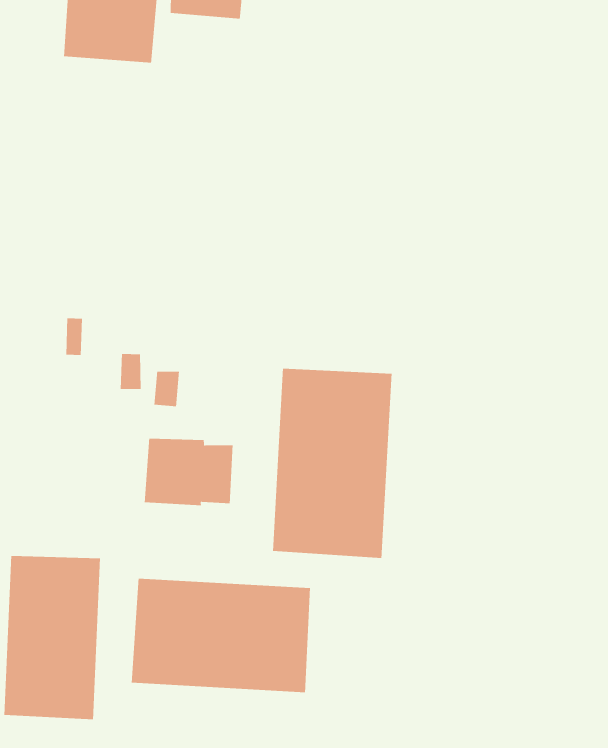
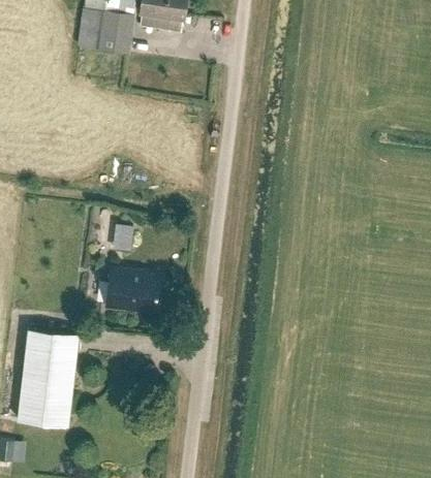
building: [272,368,392,559] -> none
building: [131,578,311,693] -> none

